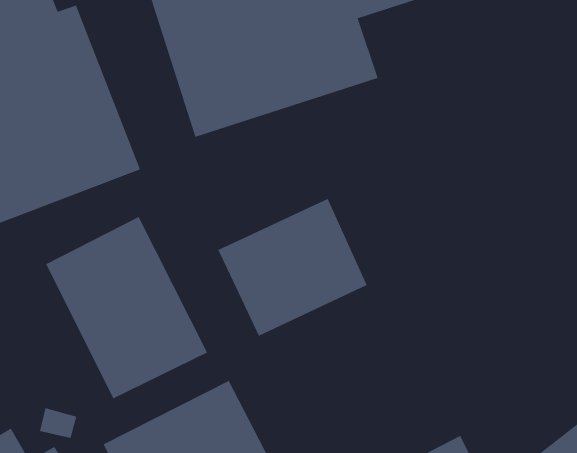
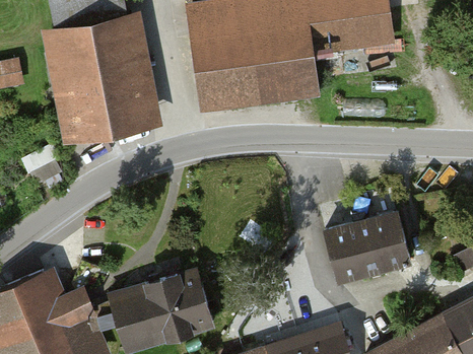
building: [218,198,368,336] -> [313,204,403,283]
building: [46,216,208,399] -> none

